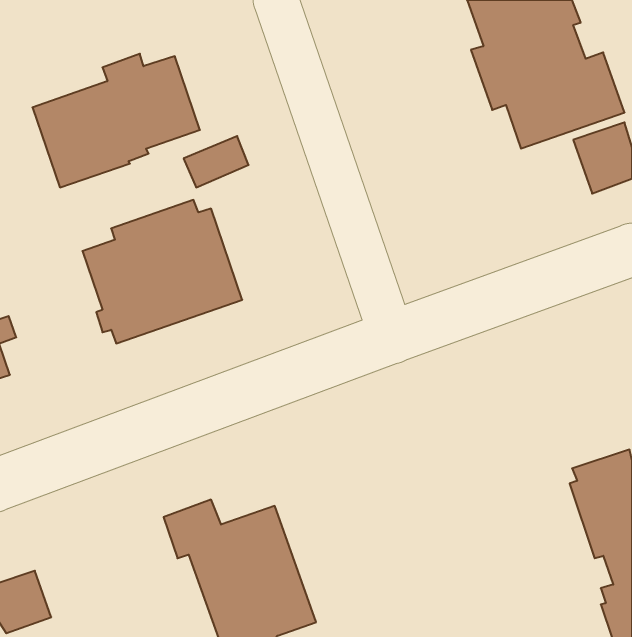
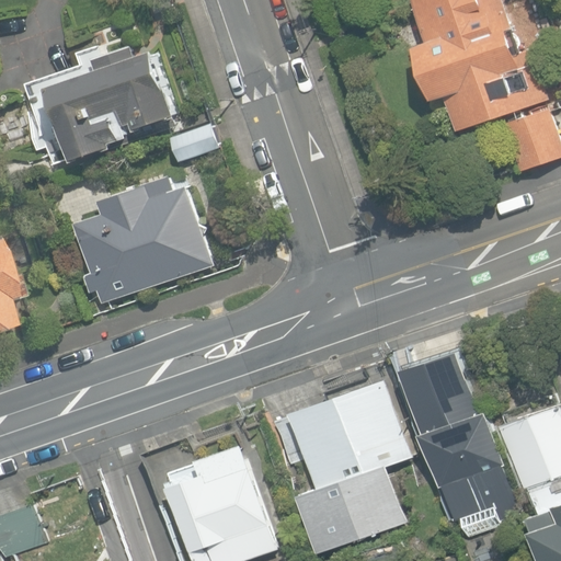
building: none -> [402,344,516,538]
building: none -> [271,378,412,554]

